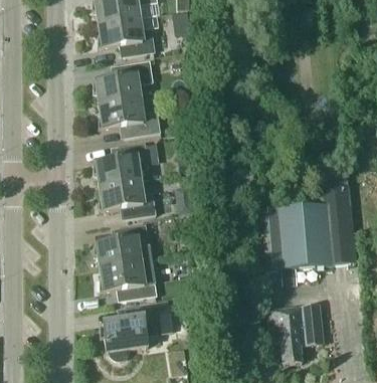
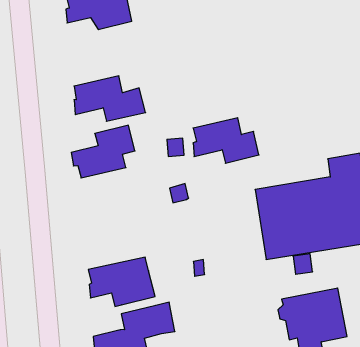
building: [93,60,154,105] -> none
building: [100,180,157,219] -> [193,118,259,163]
building: [95,224,152,267] -> none

